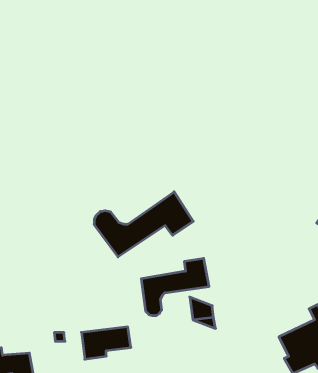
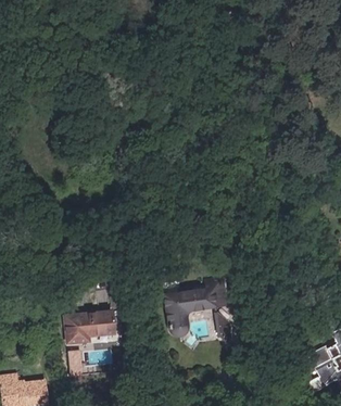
building: [94,192,193,257] -> none
building: [81,327,131,359] -> [68,310,118,343]

